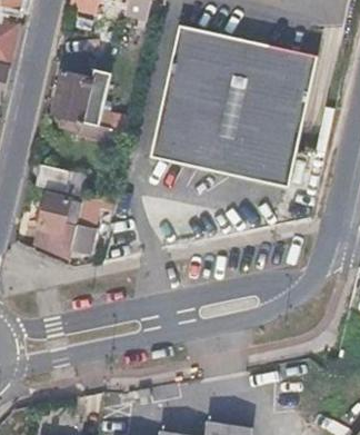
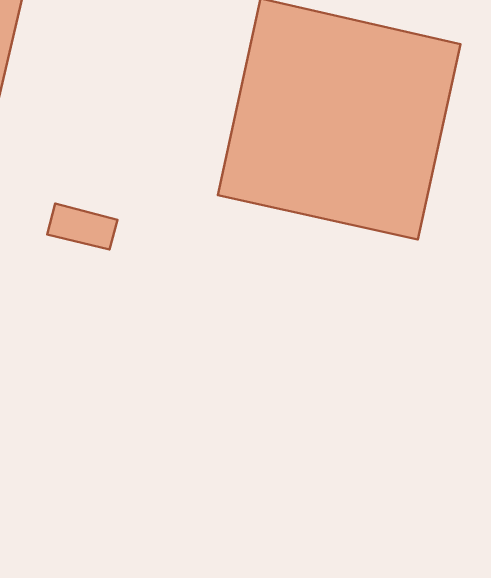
building: [52,69,111,128] -> none
building: [33,192,111,261] -> none

